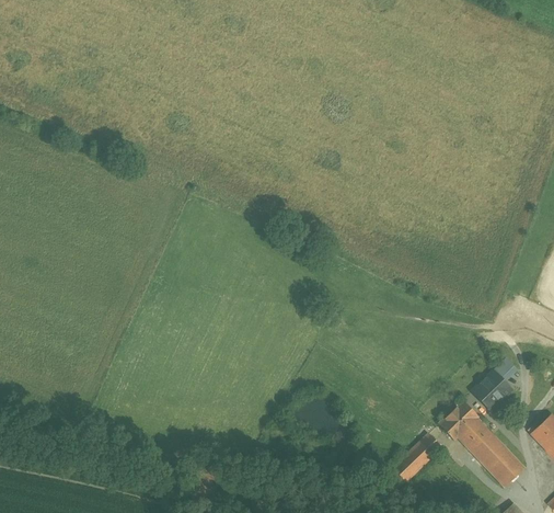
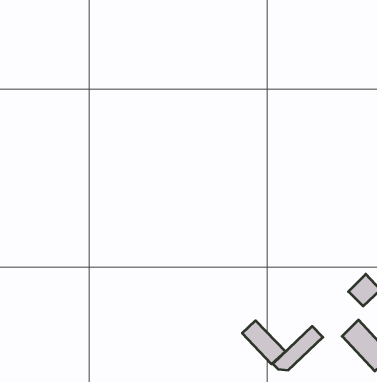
building: [439,401,485,445] -> none
building: none -> [242,321,286,364]

